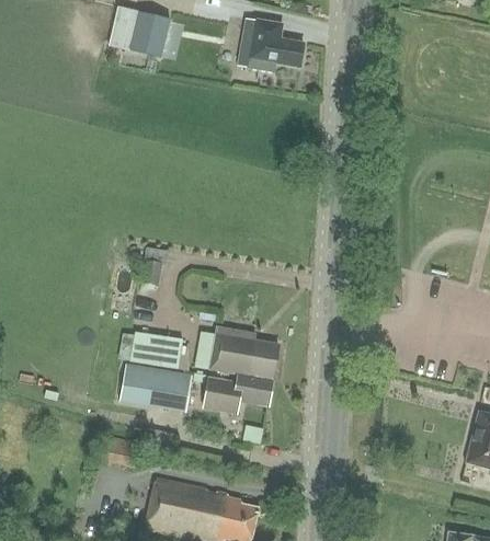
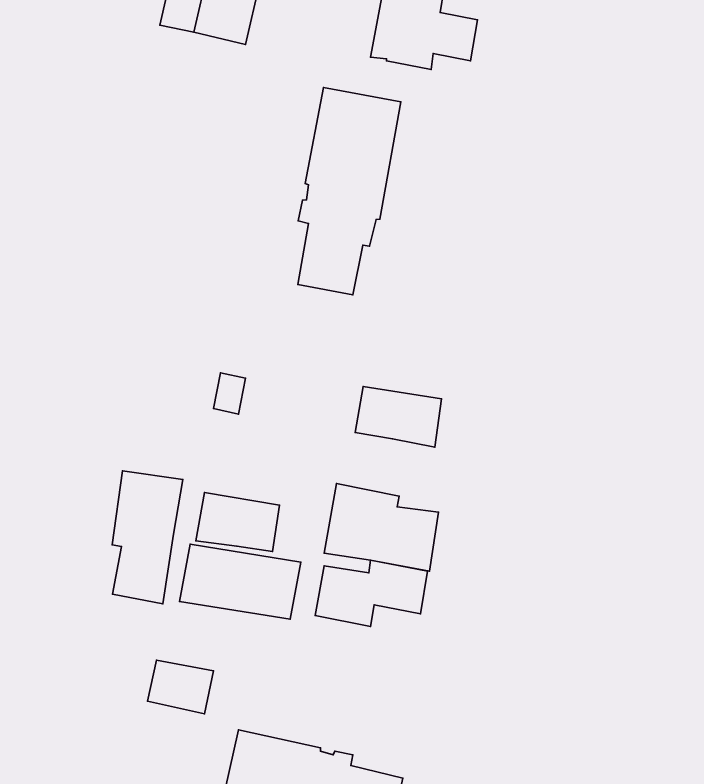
building: none -> [298,88,401,295]
building: none -> [355,386,442,447]
building: none -> [112,471,183,604]

